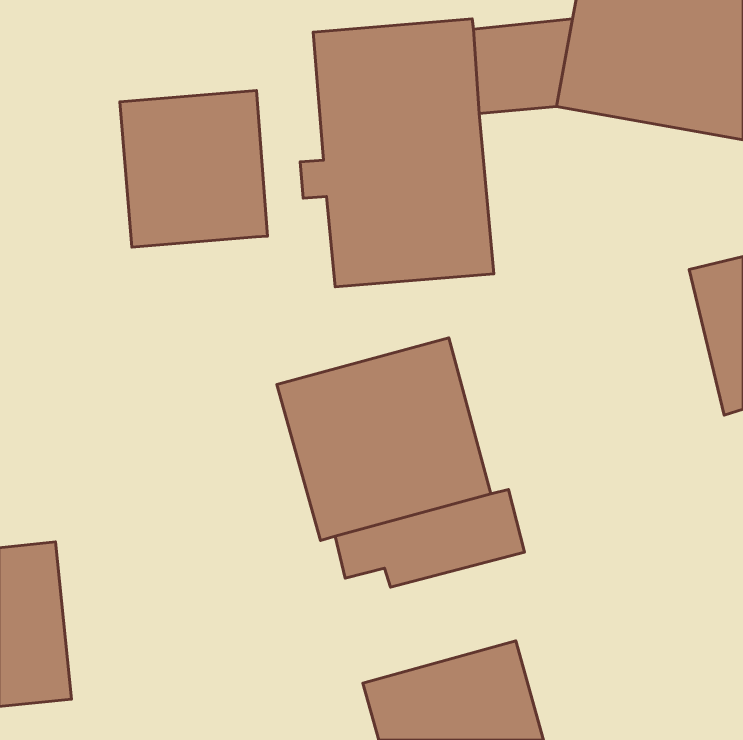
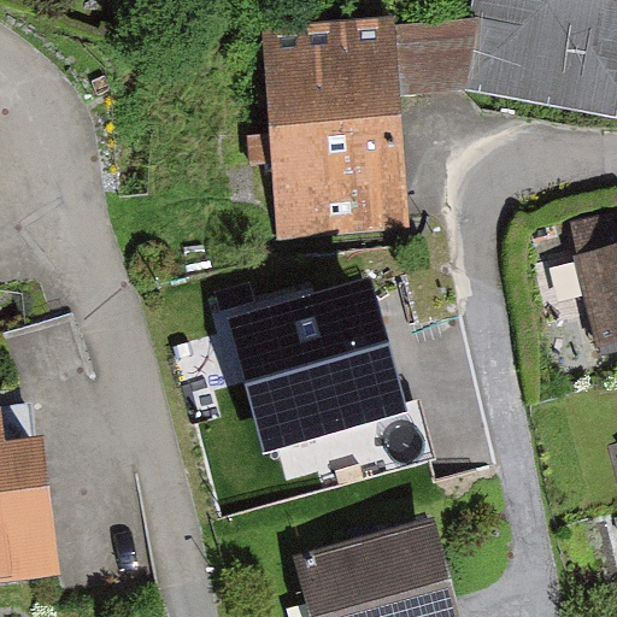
building: [120,91,267,247] -> none

